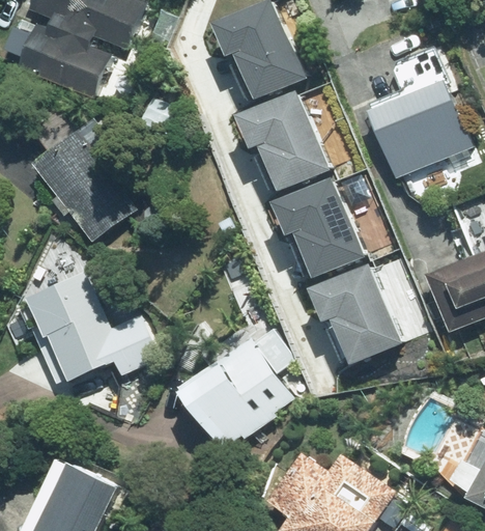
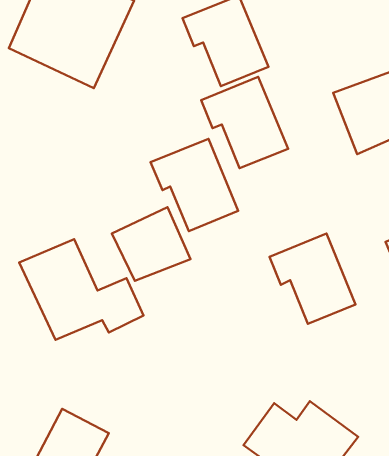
building: [31,114,138,243] -> none
building: [266,179,364,282] -> [150,139,238,231]
building: none -> [112,207,191,281]
building: [181,336,295,445] -> none

